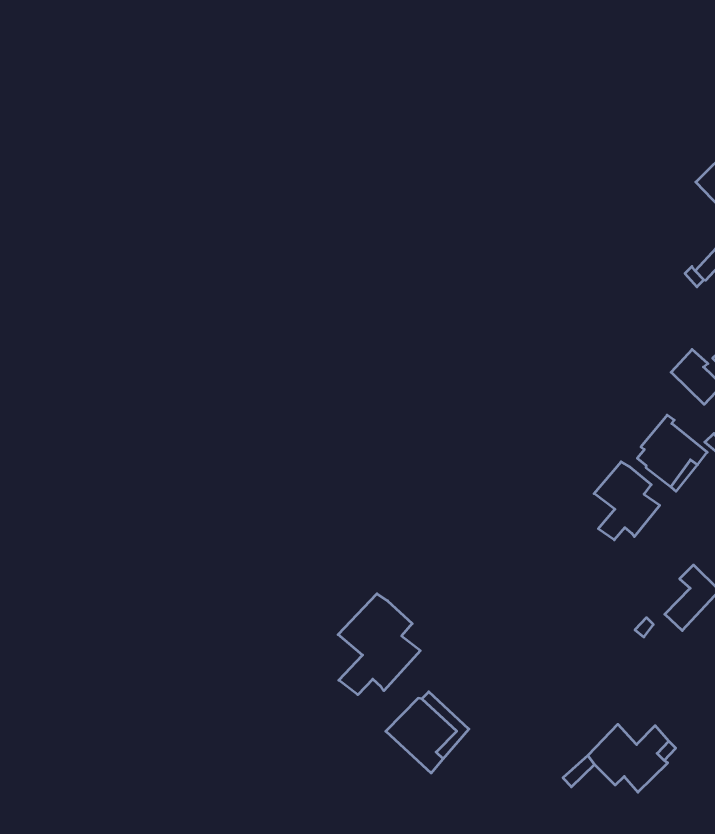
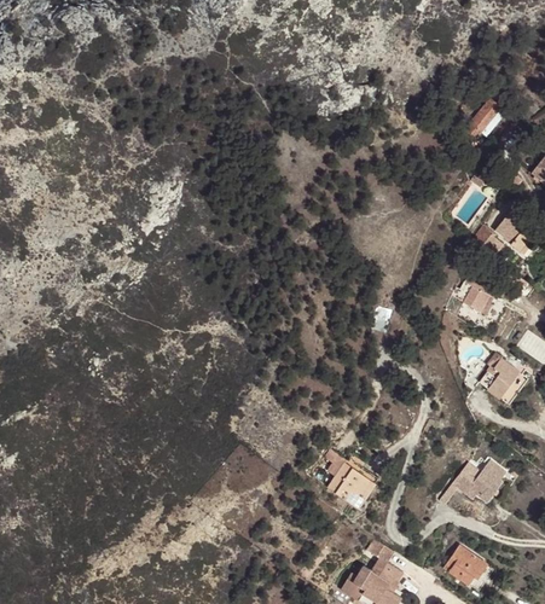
building: [594,462,660,540] -> none
building: [338,594,420,695] -> none

